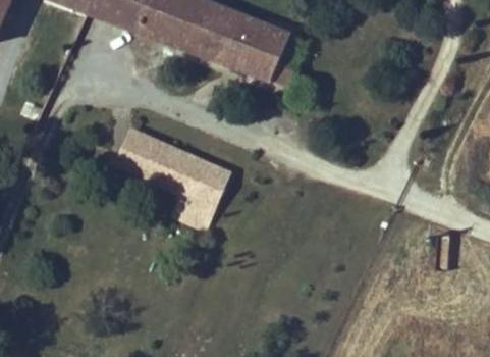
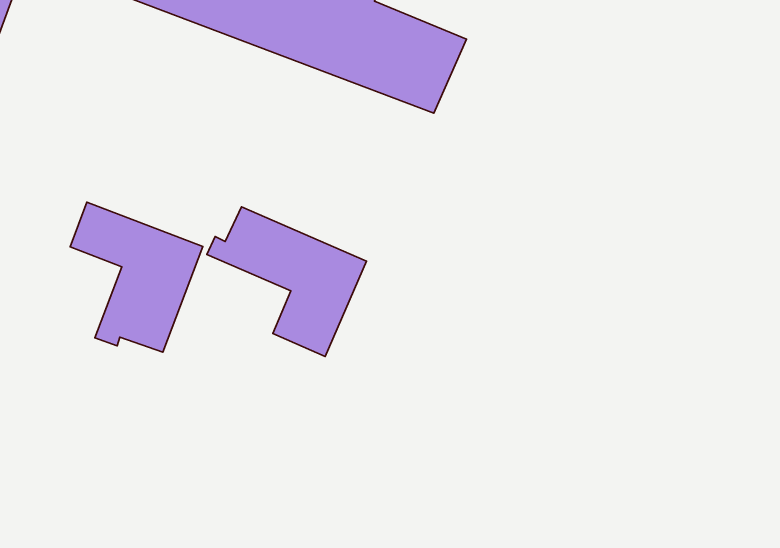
building: none -> [70,202,203,352]

